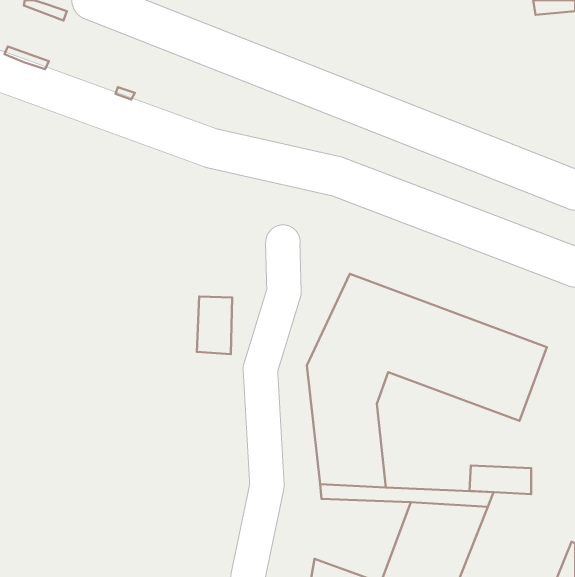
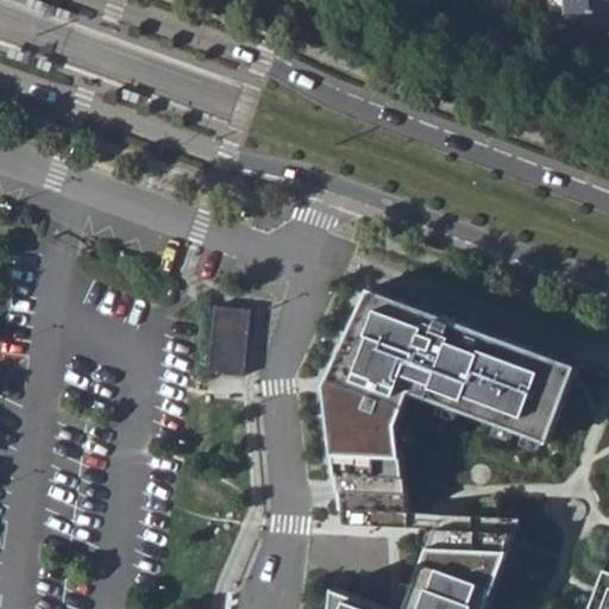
building: [470,466,531,494] -> none

